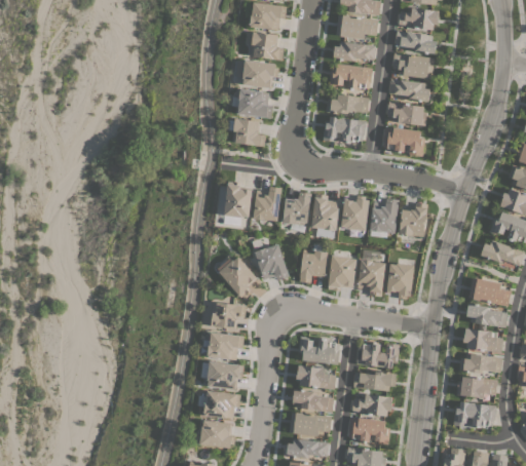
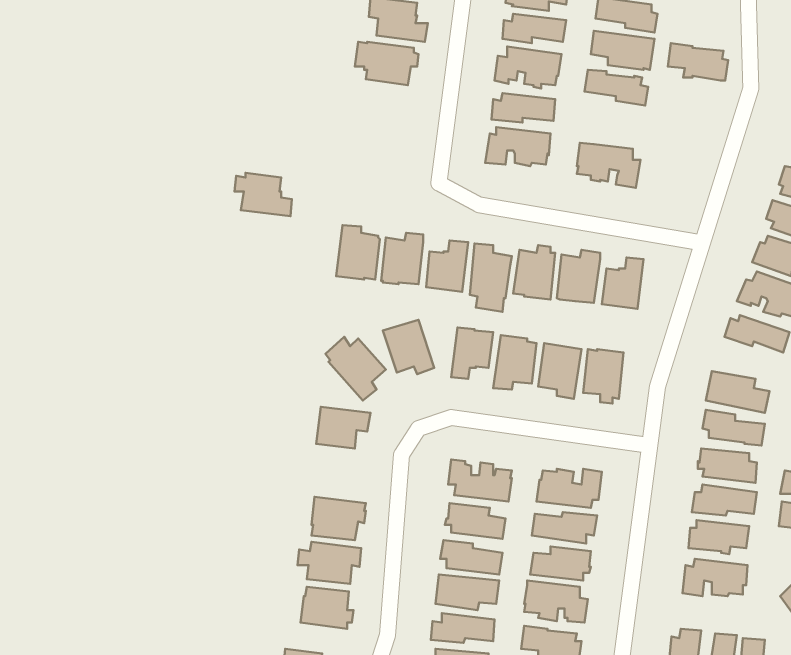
building: [232,89,272,118] -> none
building: [387,102,427,126] -> [668,43,728,80]
building: [228,118,266,147] -> [235,173,292,216]
building: [208,333,245,360] -> none

